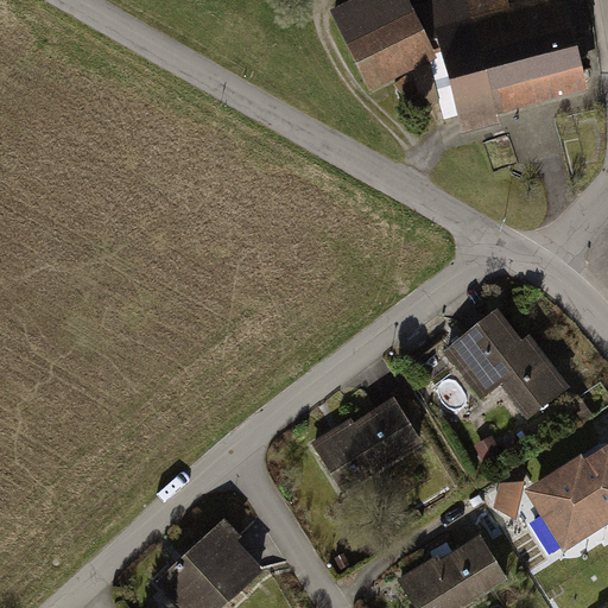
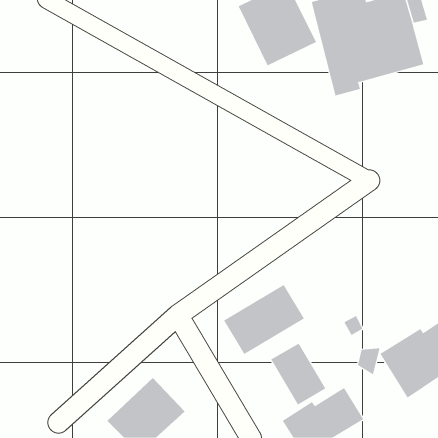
building: [445,310,570,418] -> none
building: none -> [271,343,326,405]

